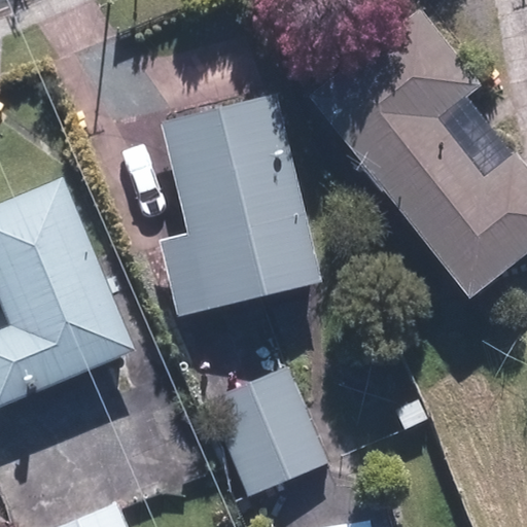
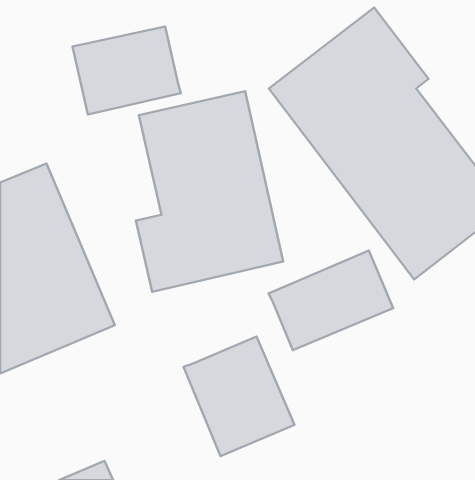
building: none -> [73,26,181,115]
building: none -> [268,250,393,350]

